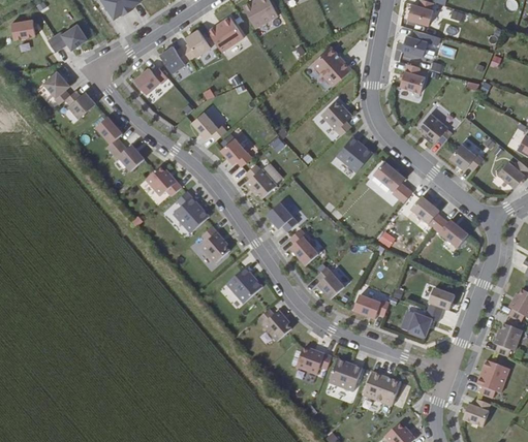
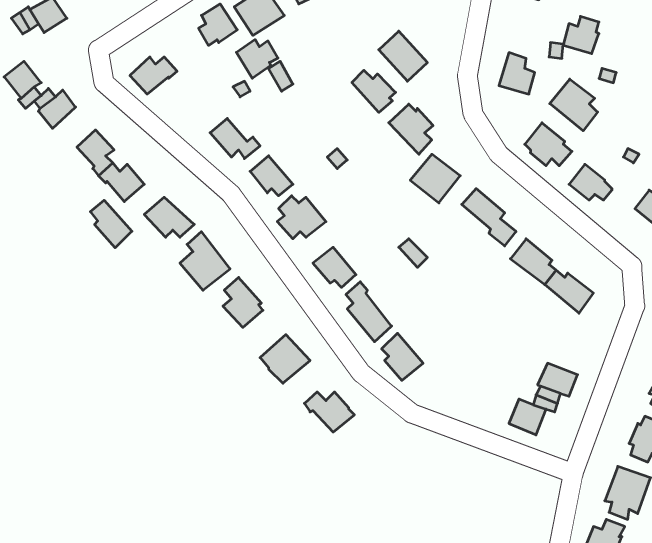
building: [402,29,428,56] -> [563,16,599,54]
building: [160,43,190,71] -> [236,40,278,78]
building: none -> [352,70,396,112]
building: none -> [550,79,598,131]
building: none -> [90,200,132,248]
building: [353,288,391,317] -> none
building: [294,349,331,375] -> none
building: [328,358,361,391] -> none
building: [362,371,400,406] -> none

